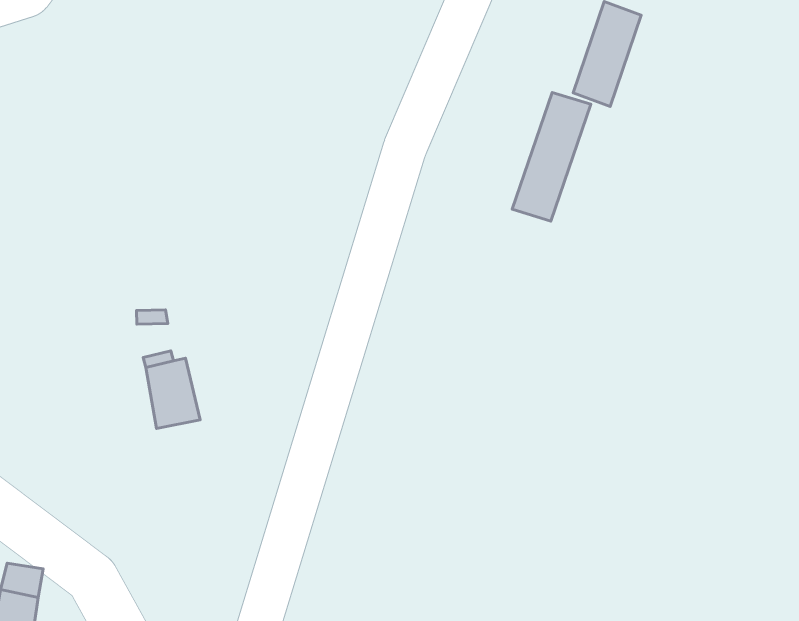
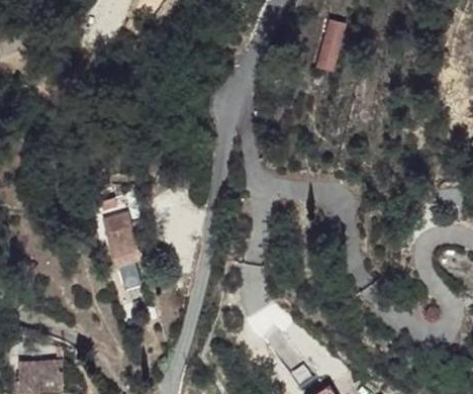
building: [512,92,591,221] -> none

